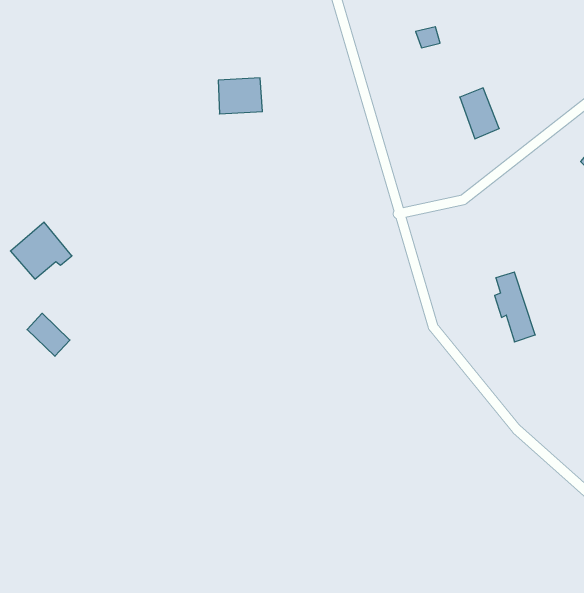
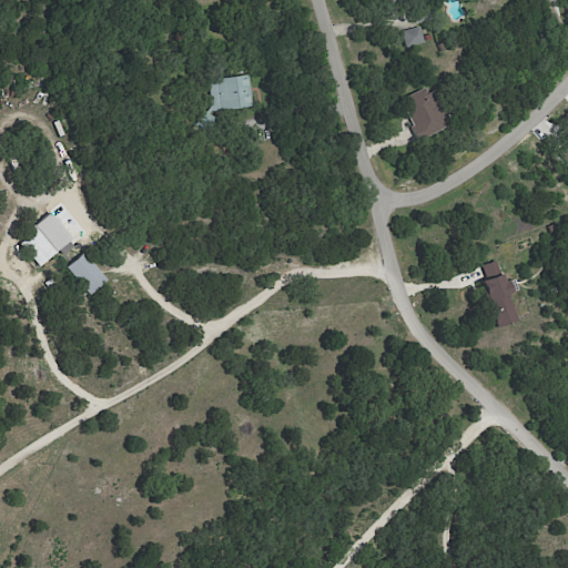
building: [460,88,499,139] -> [406,89,444,138]
building: [27,313,70,356] -> [68,252,109,293]

